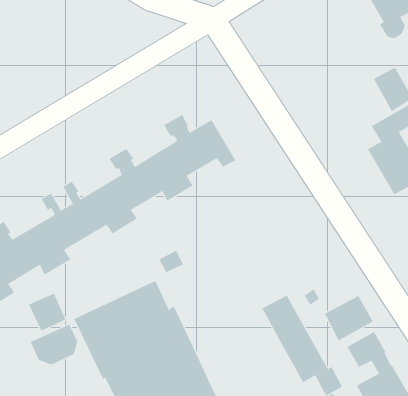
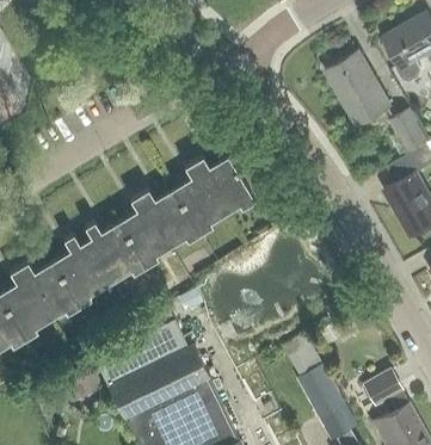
building: none -> [325,52,390,126]
building: [28,293,66,332] -> none
building: [324,295,373,341] -> none

